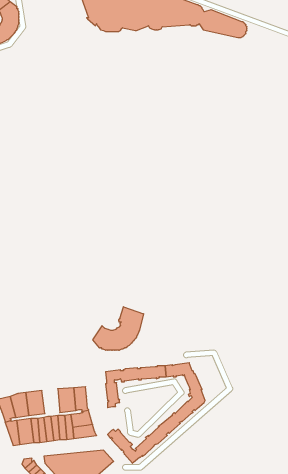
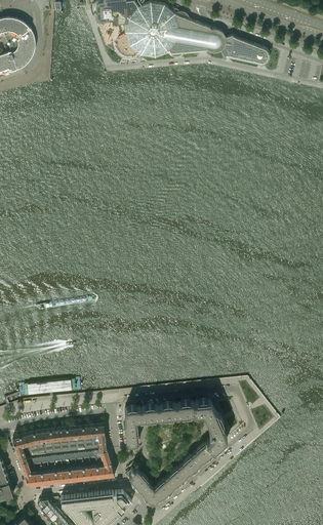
building: [93,307,144,350] -> none
building: none -> [58,427,77,452]

